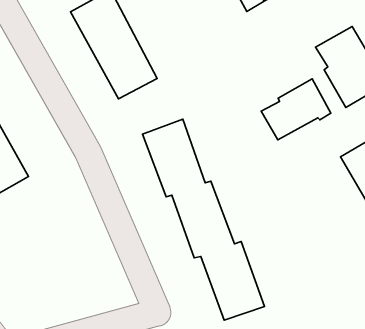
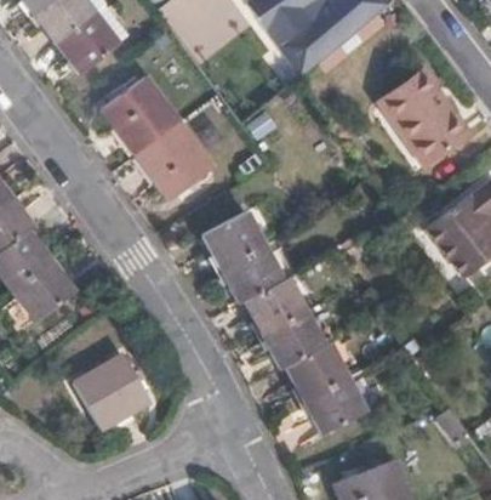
building: [261,79,331,140] -> none
building: none -> [75,357,148,430]

